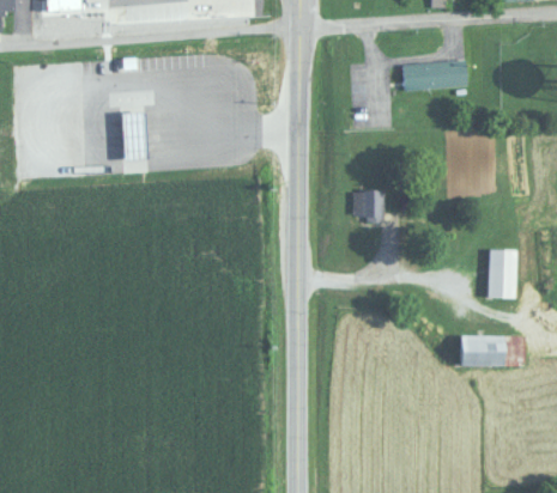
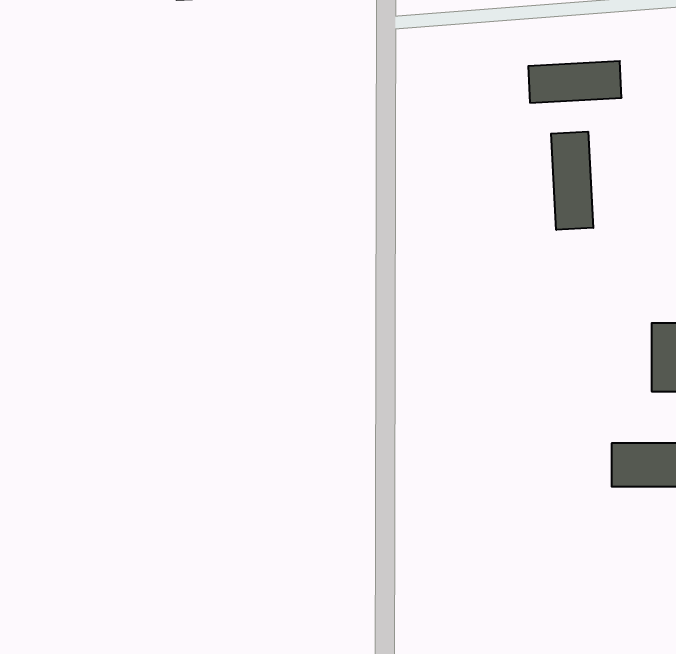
building: none -> [551,132,593,230]
building: [352,190,382,223] -> none

